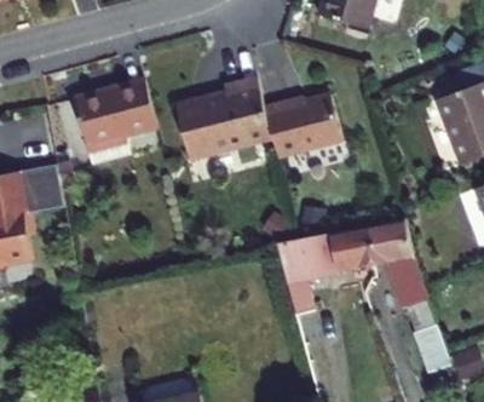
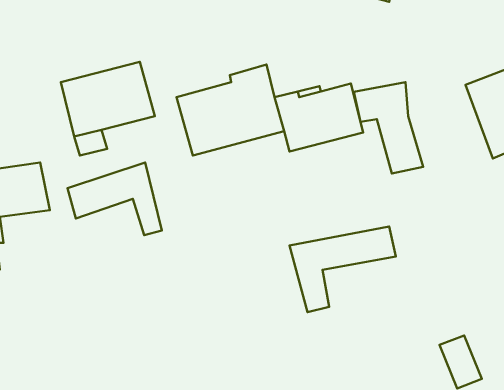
building: none -> [68,163,162,235]
building: [365,218,427,299] -> [354,82,423,174]

